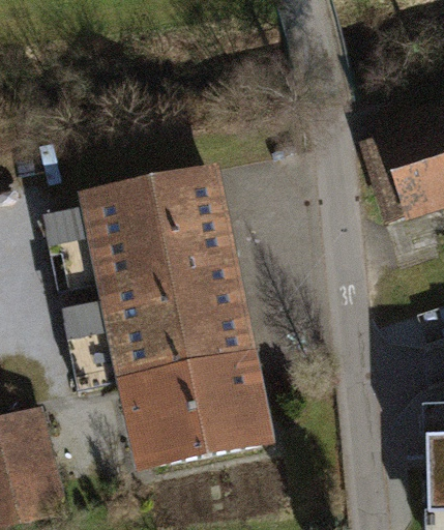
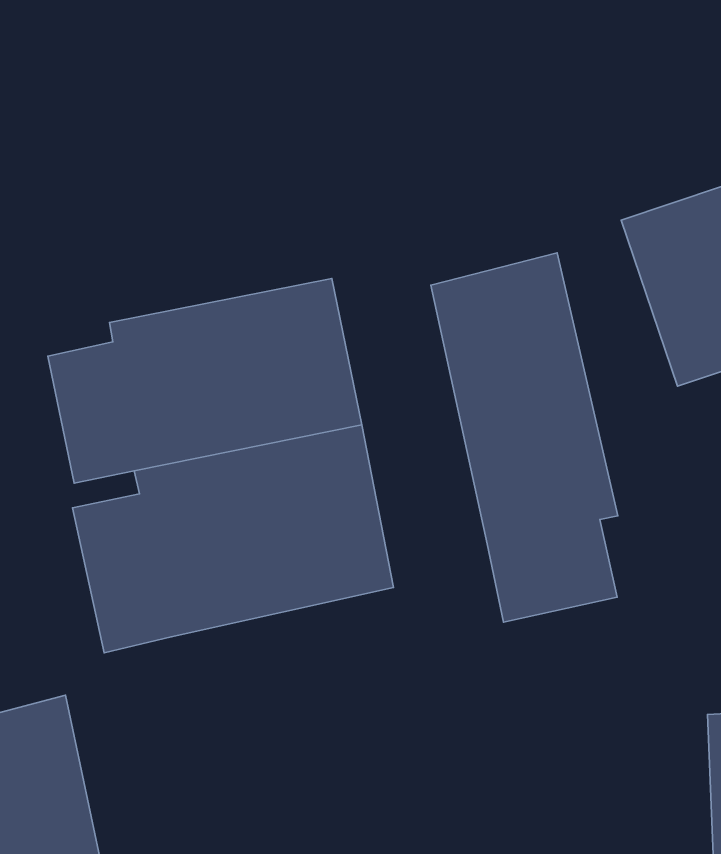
building: none -> [431,253,618,622]
building: [119,346,269,464] -> none

